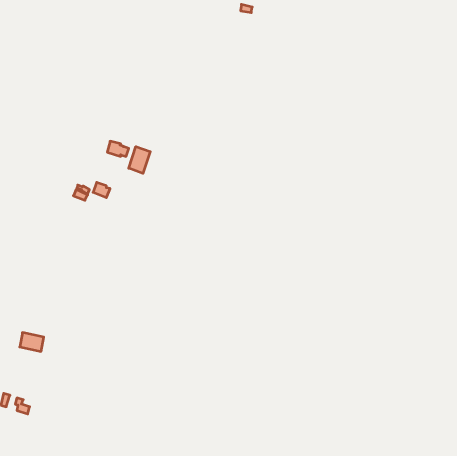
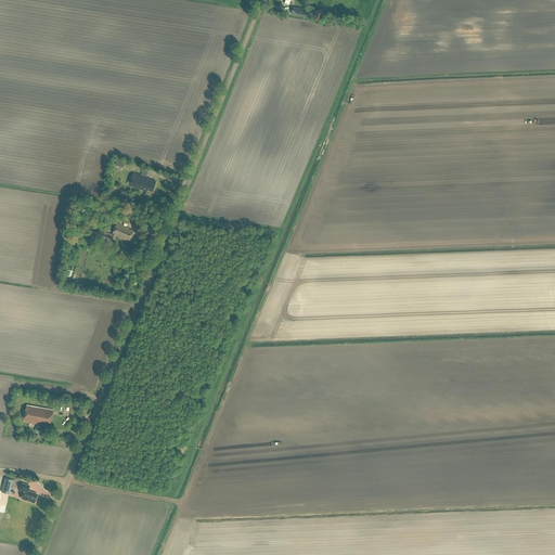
building: [129,147,150,173] -> none

